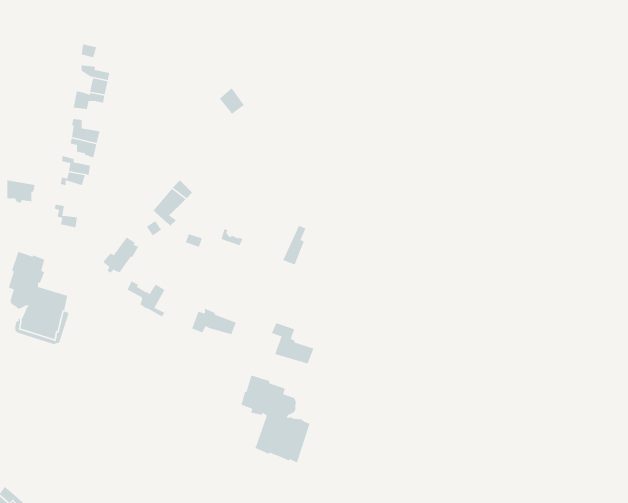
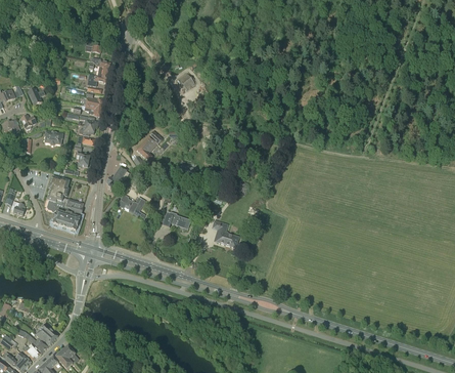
building: [240,375,310,464] -> none

